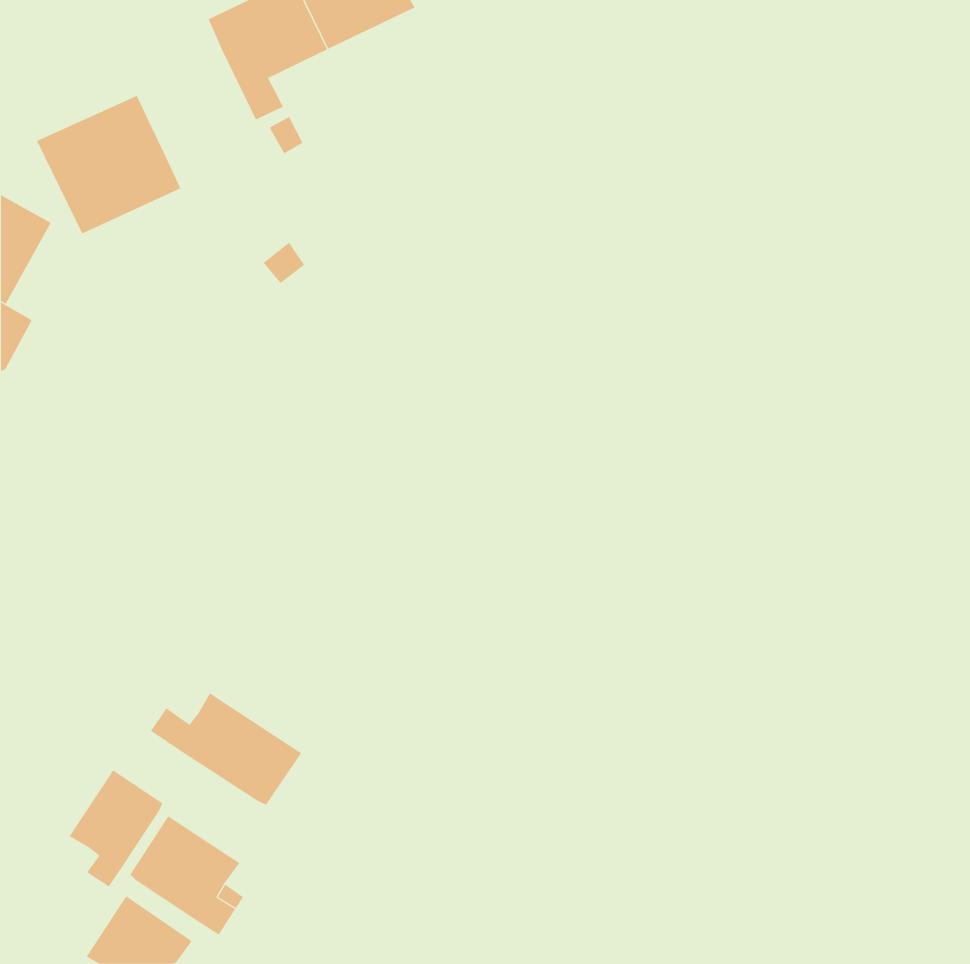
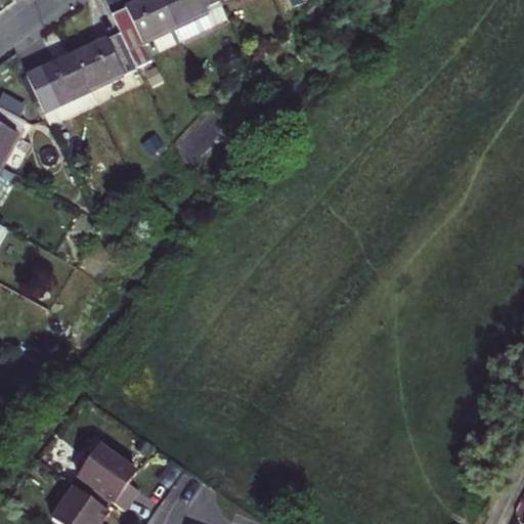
building: none -> [76,27,139,90]
building: [150,692,302,806] -> none
building: [69,769,163,888] -> none

